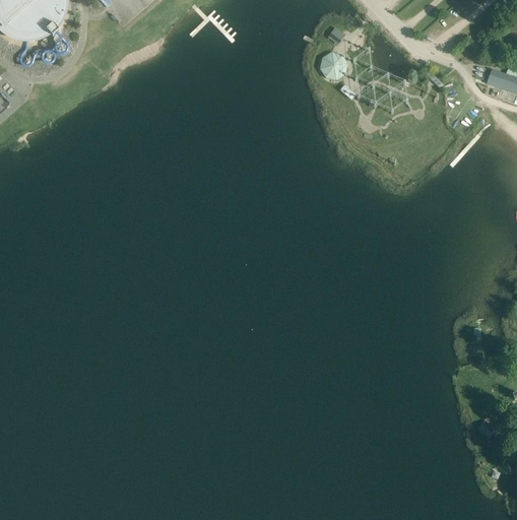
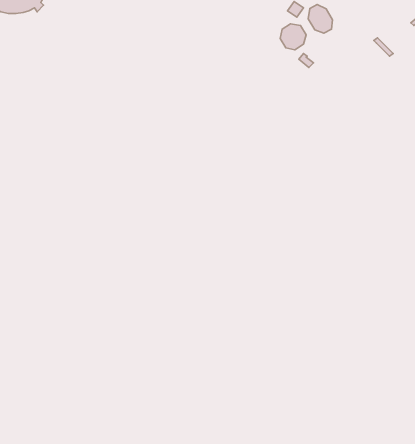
building: none -> [308,5,333,33]

